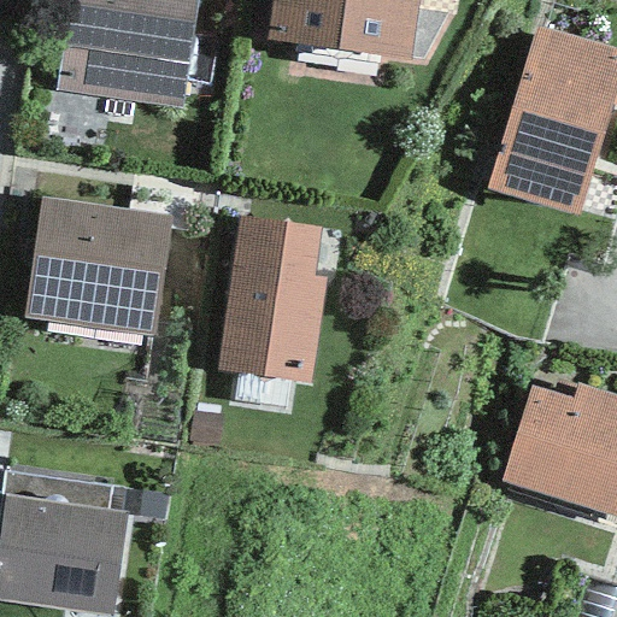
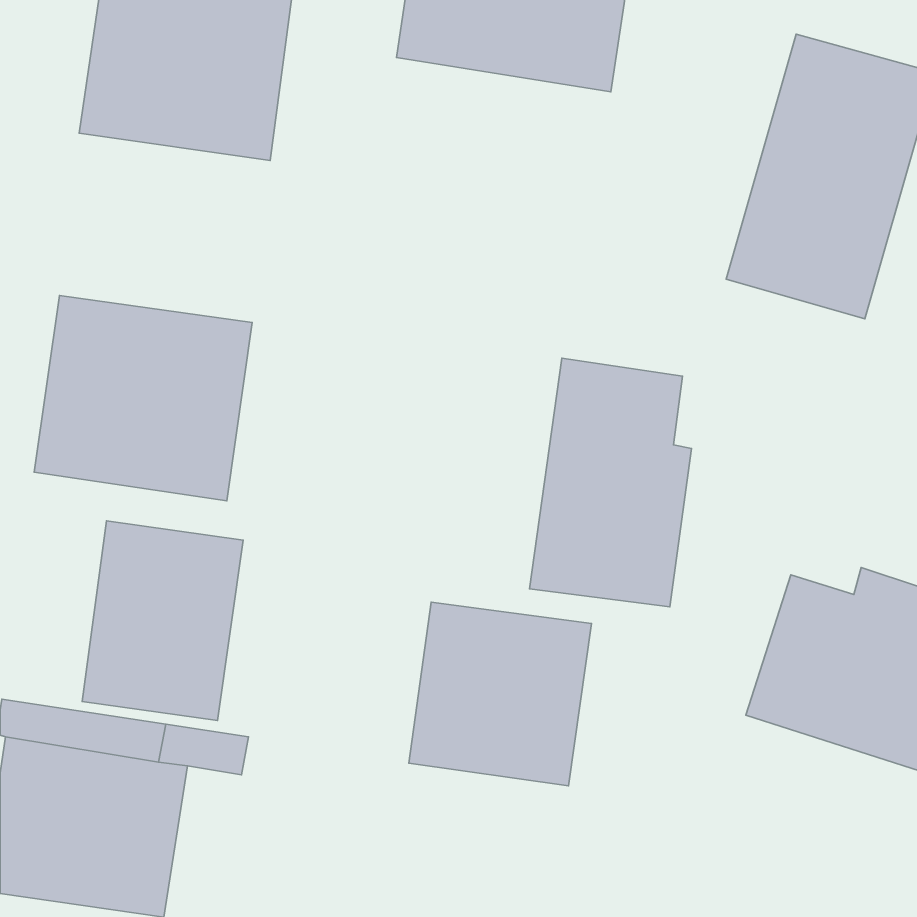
building: [218,216,327,382] -> [529,358,692,607]
building: none -> [82,521,243,720]
building: none -> [409,602,591,786]

